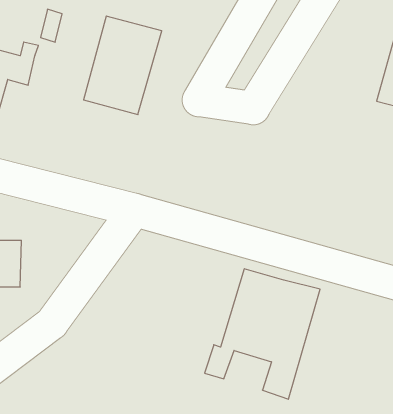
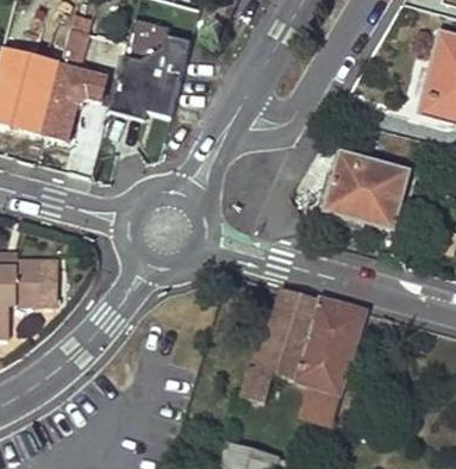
building: none -> [43,62,105,140]
building: none -> [331,152,412,226]

